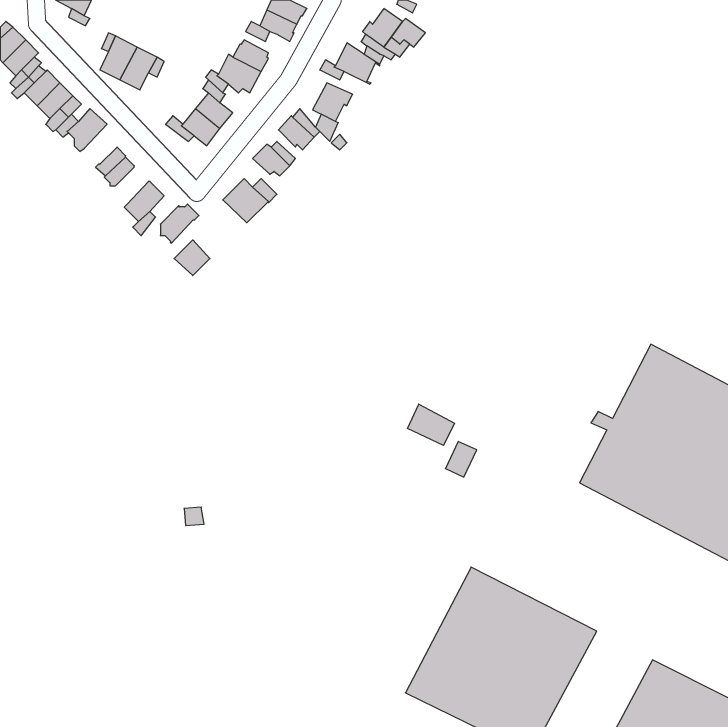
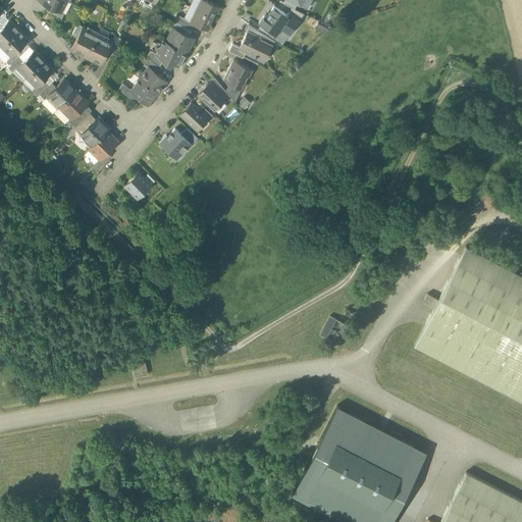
building: none -> [61,91,89,119]
building: [160,204,199,243] -> [84,120,111,148]
building: [408,404,454,445] -> none

